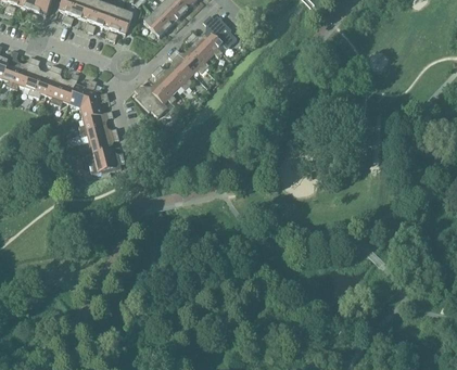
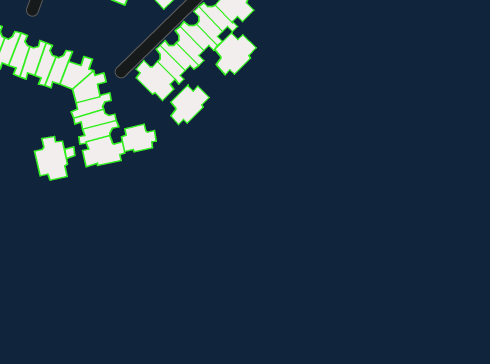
building: none -> [215,32,256,75]
building: none -> [171,85,209,124]
building: none -> [121,124,156,152]
building: none -> [35,136,68,180]

